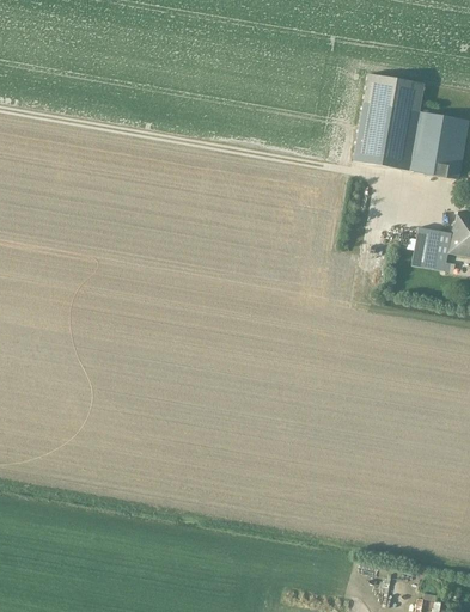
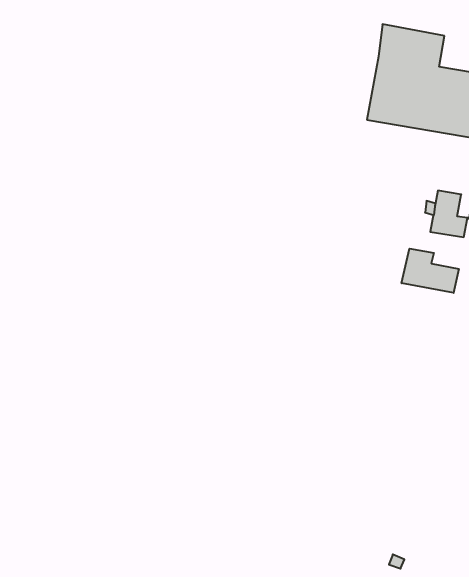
building: none -> [402,249,459,293]

